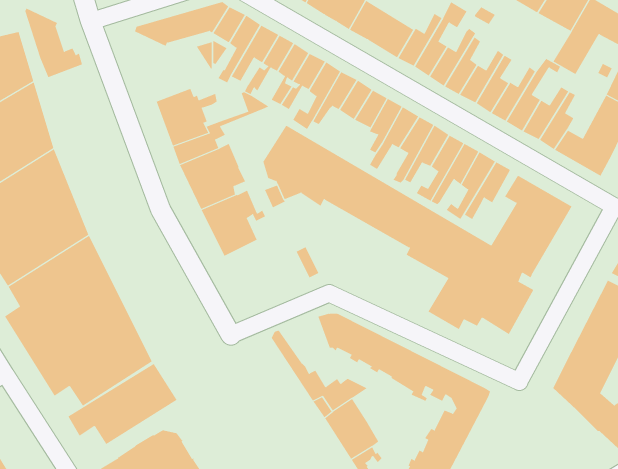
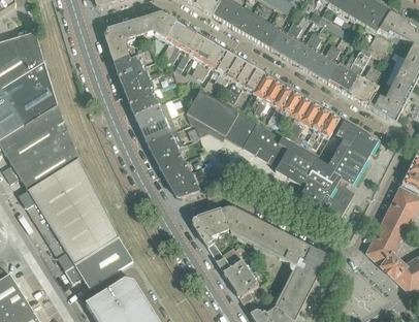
building: [24,8,83,78] -> [105,31,141,74]
building: none -> [162,159,199,195]
building: none -> [196,207,227,236]

